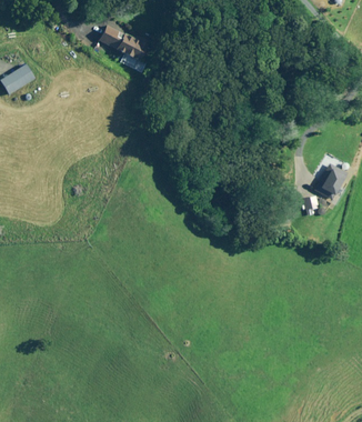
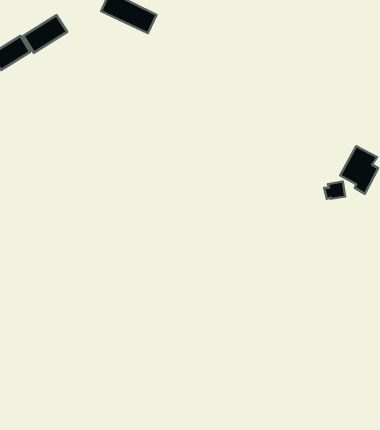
building: none -> [23,15,67,53]

